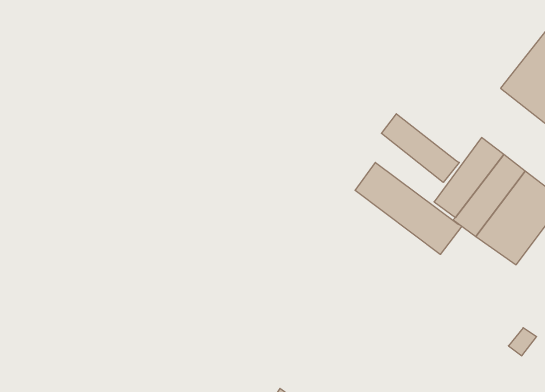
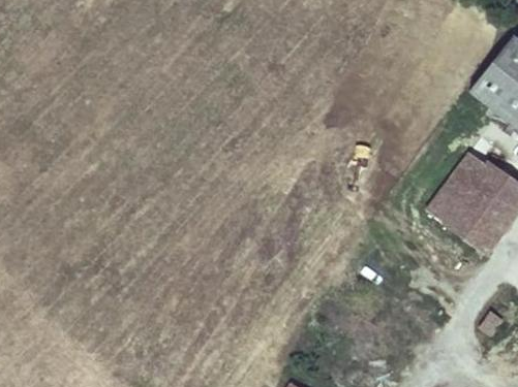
building: [381,114,459,182] -> none
building: [355,162,462,254] -> none

